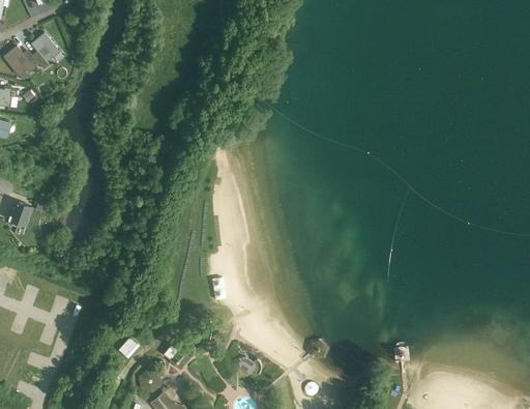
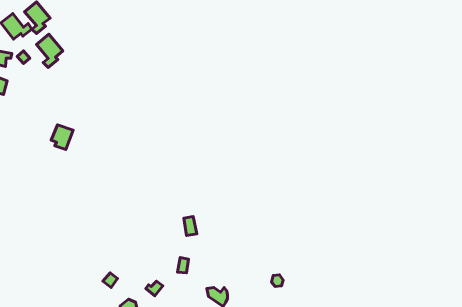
building: none -> [37,34,63,68]
building: [7,201,32,229] -> [51,125,73,149]

